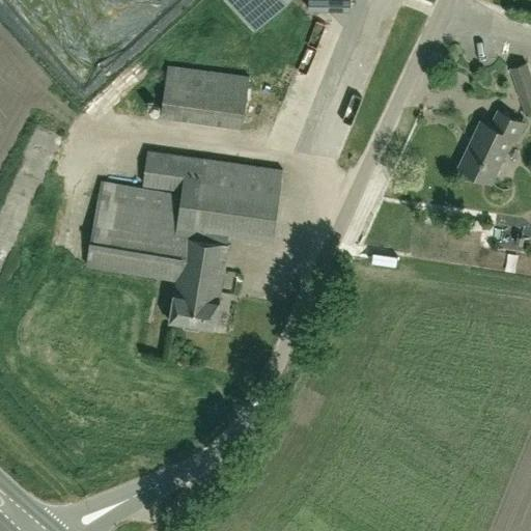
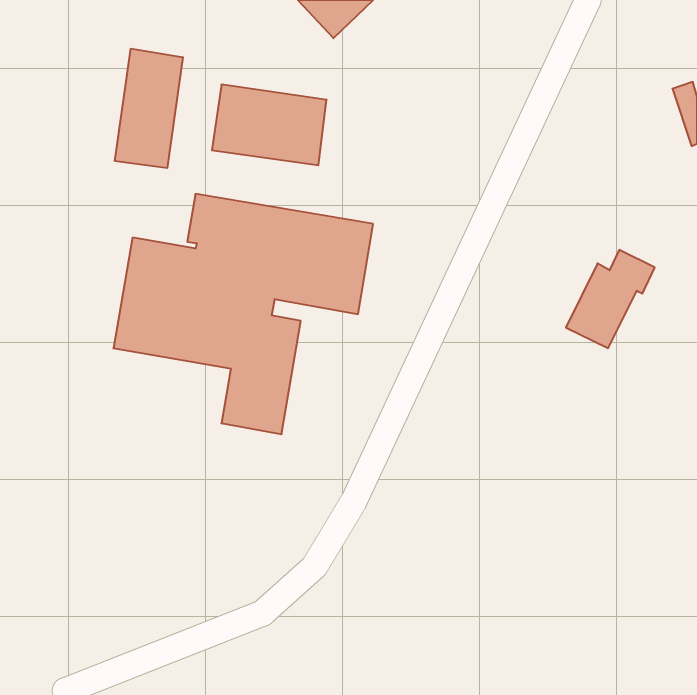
building: none -> [115,49,183,168]
building: [457,110,525,185] -> [566,250,655,348]

